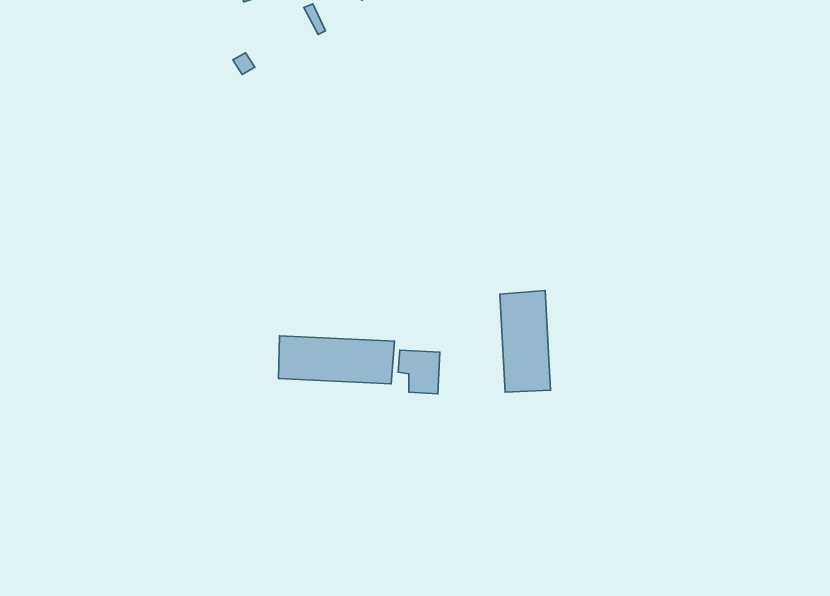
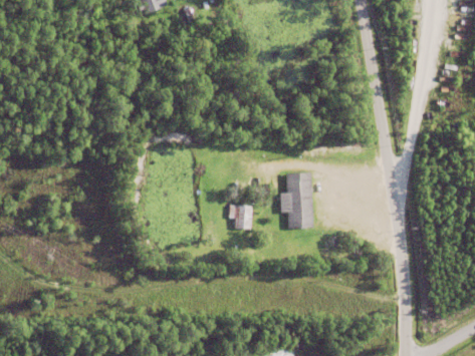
building: [278,336,394,384] -> none

